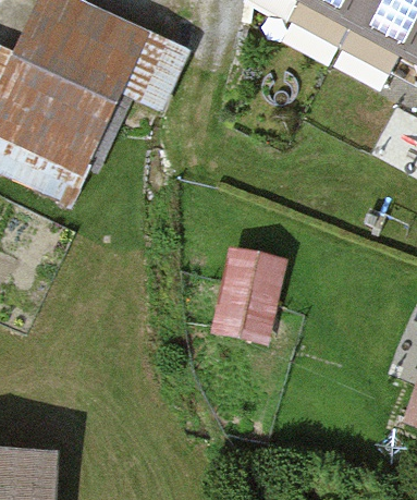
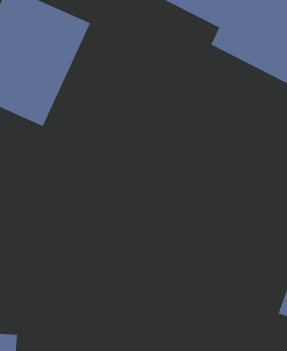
building: [214,244,293,342] -> none

